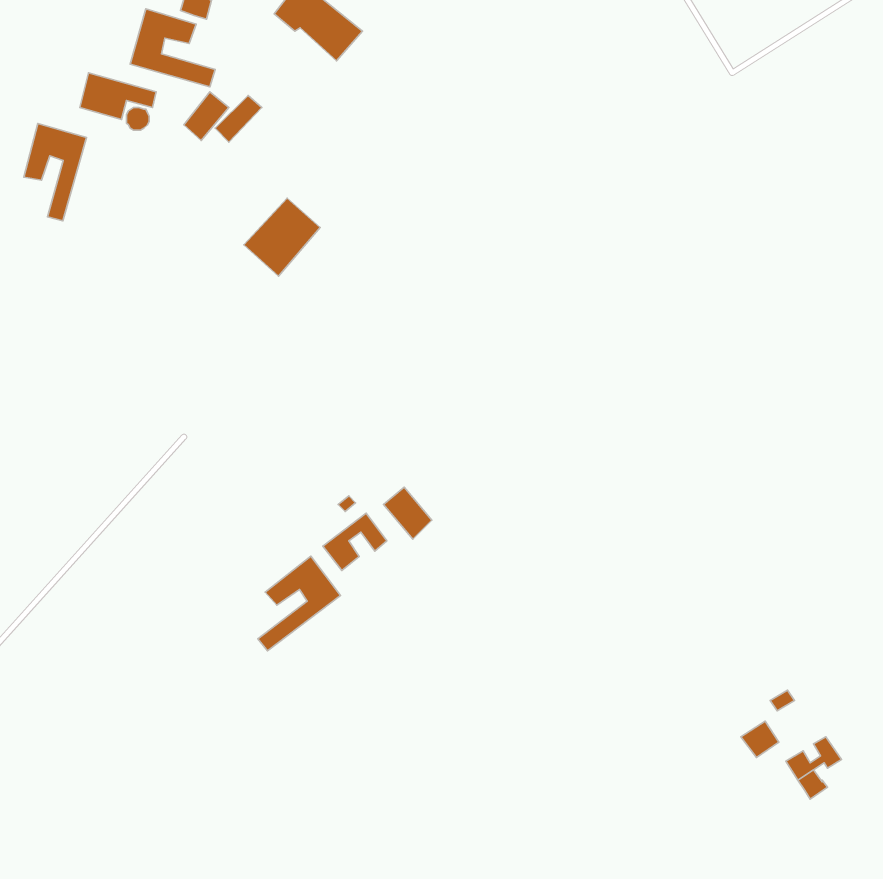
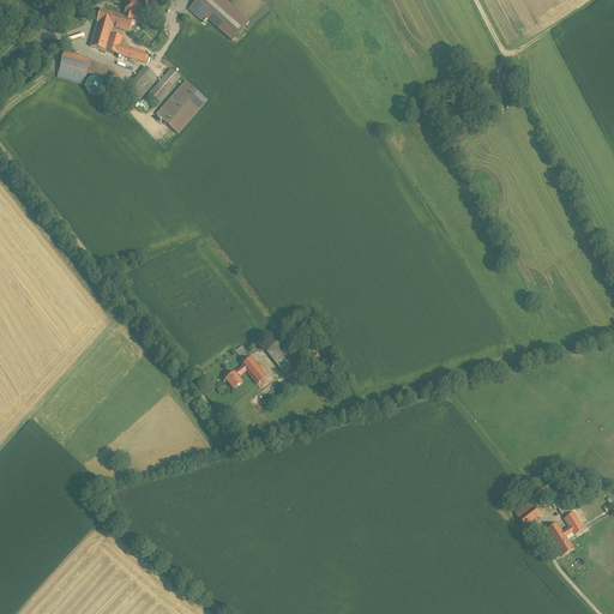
building: [24,124,86,221] -> none
building: [244,198,320,276] -> [155,79,207,133]
building: [258,556,341,651] -> none

